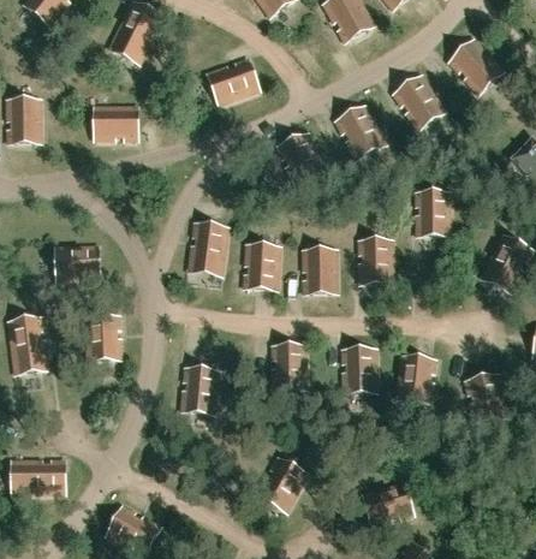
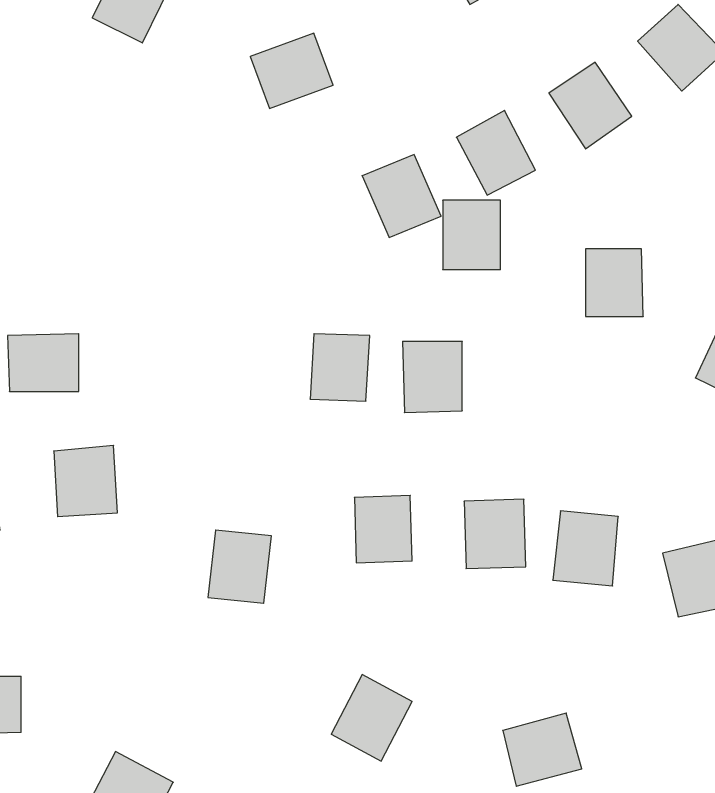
building: [95,103,136,138] -> none
building: [190,222,228,267] -> none
building: [358,239,394,283] -> [443,200,500,270]

